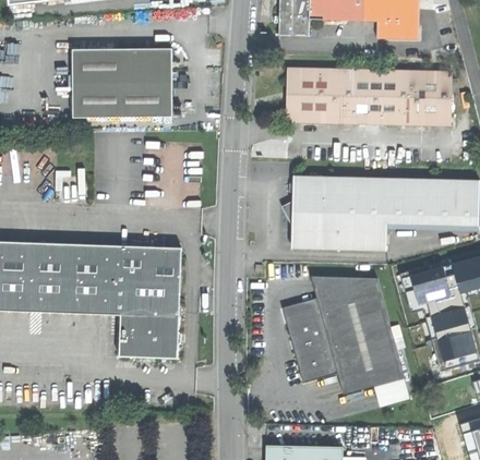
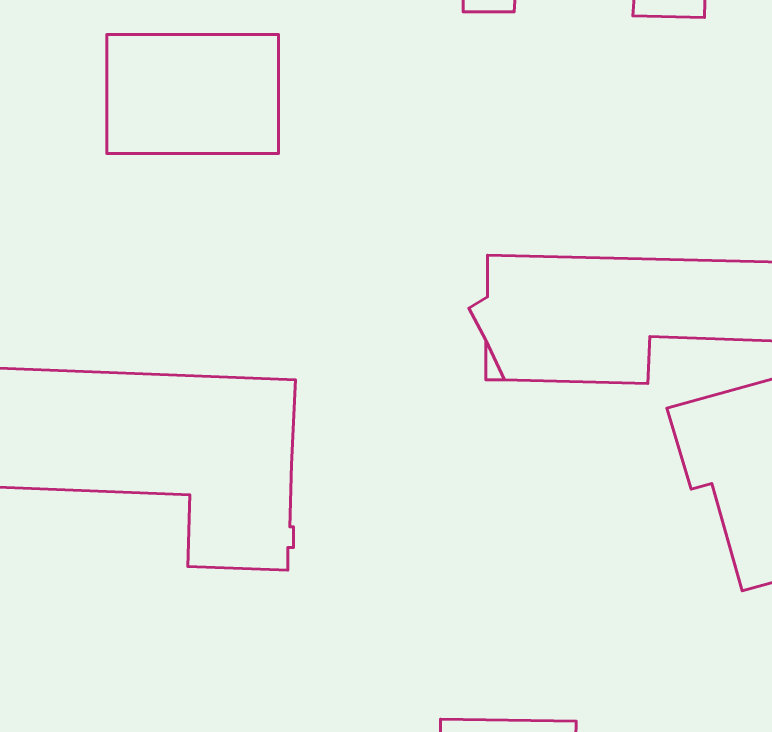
building: [286,68,453,128] -> none
building: [283,278,412,407] -> none

